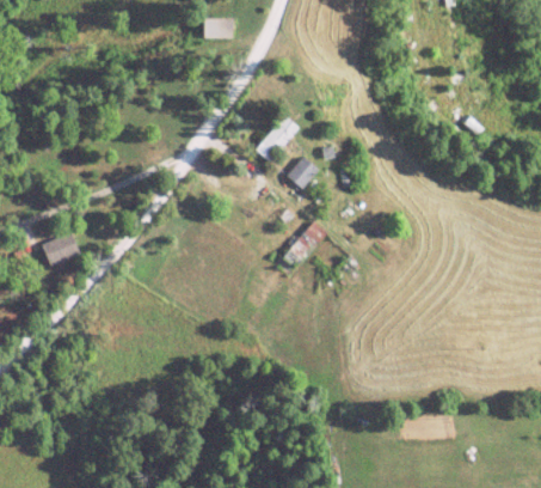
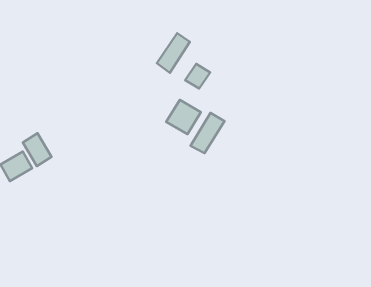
building: none -> [166,100,201,134]
building: none -> [23,133,52,166]

